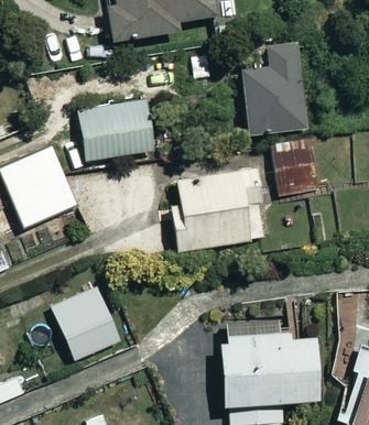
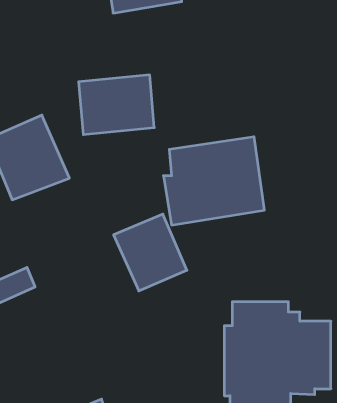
building: [242,44,310,135] -> none
building: [268,135,317,194] -> none
building: [44,283,115,357] -> [114,214,187,291]

